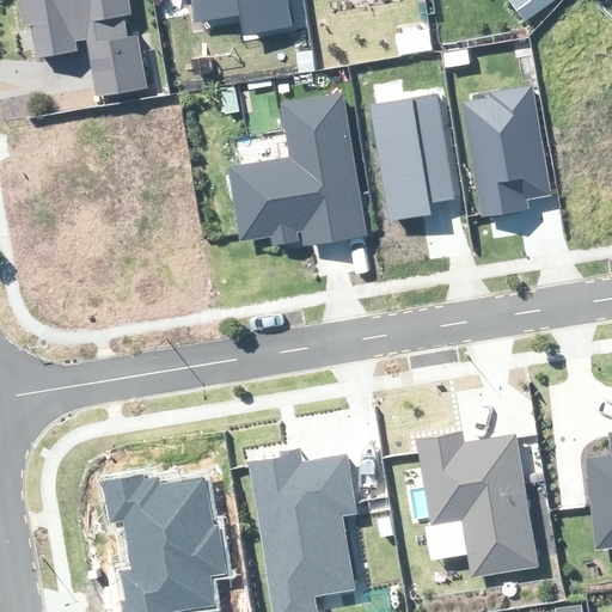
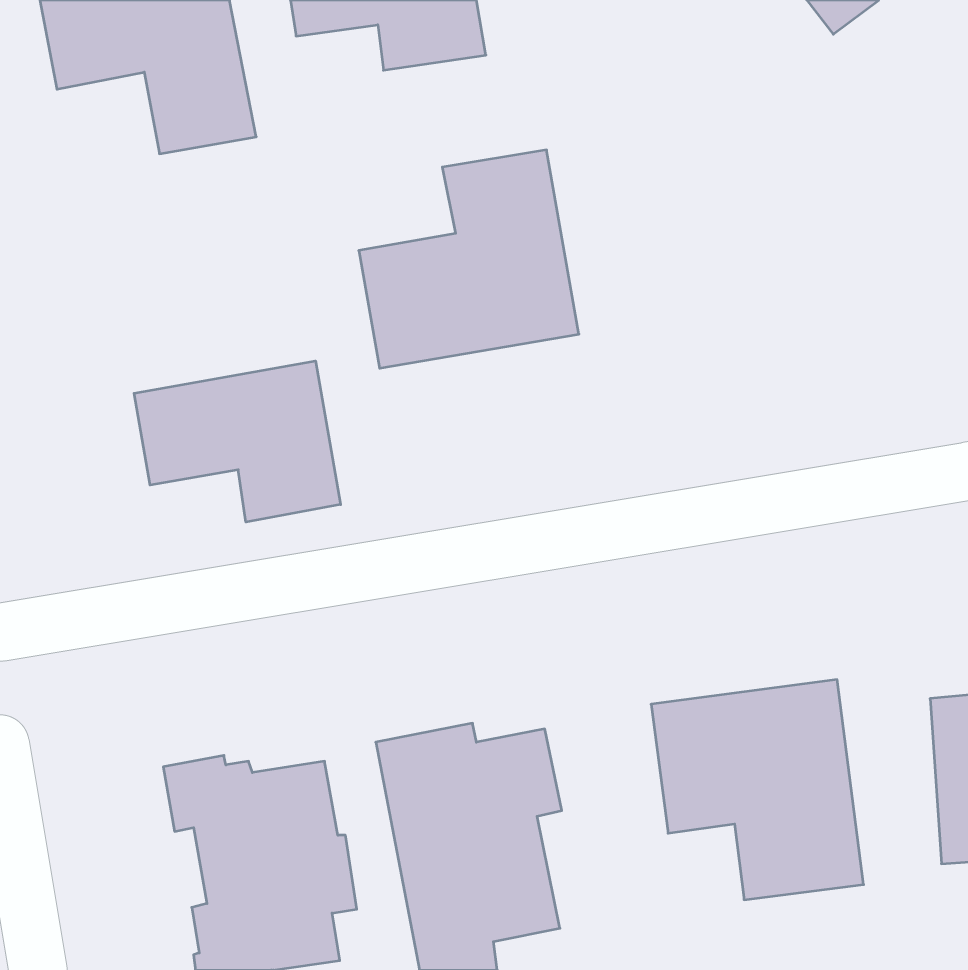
building: [459,87,556,214] -> none
building: [372,94,457,221] -> none
building: none -> [134,361,341,522]

